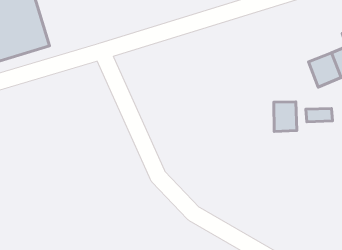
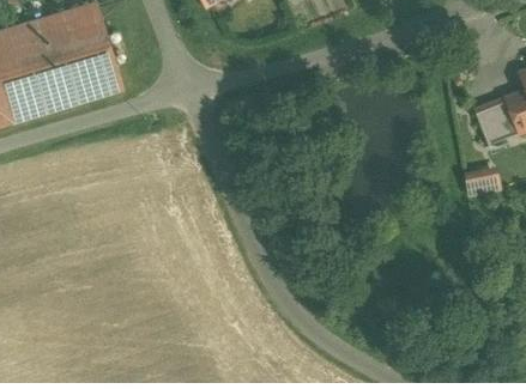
building: [274,102,297,131] -> none

